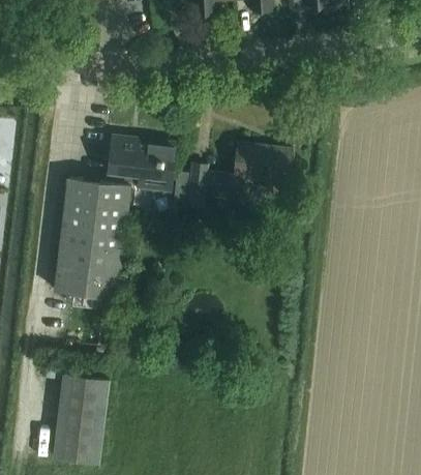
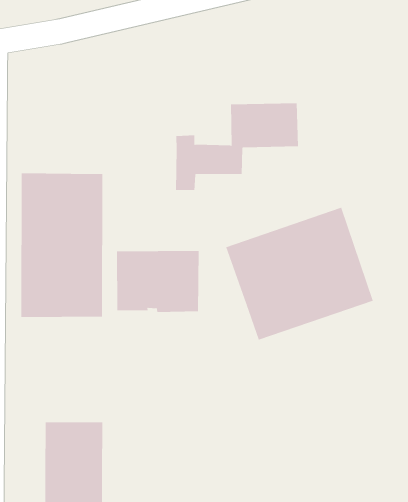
building: [107,137,177,191] -> [116,251,200,313]
building: none -> [226,207,373,341]

